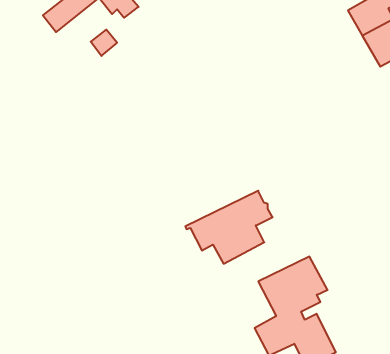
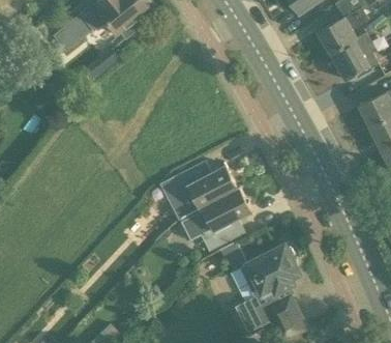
building: none -> [158,160,239,219]

